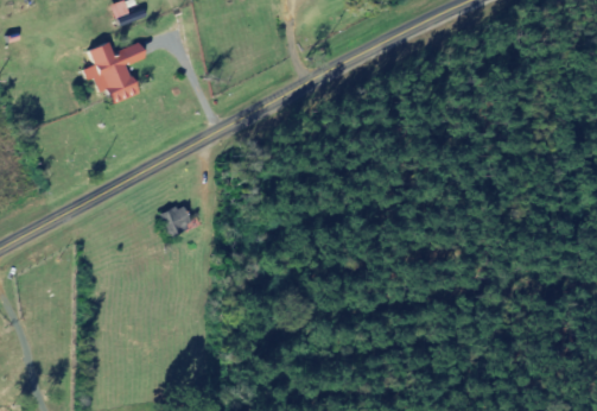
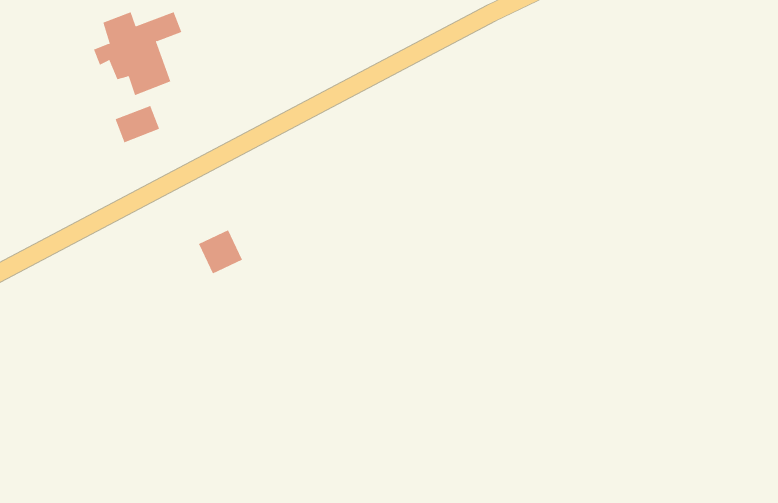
building: none -> [115,105,160,143]

